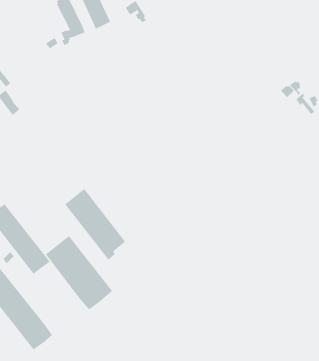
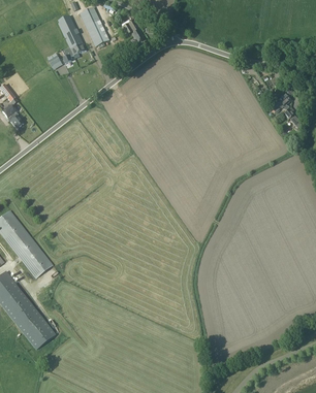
building: [64,188,126,260] -> none
building: [45,235,113,310] -> none

